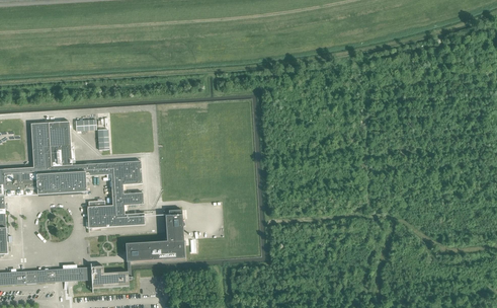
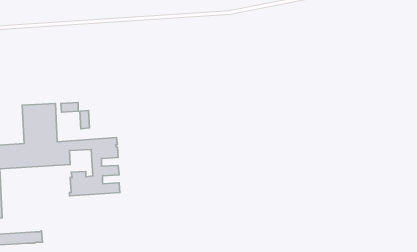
building: [62,209,184,287] -> none

